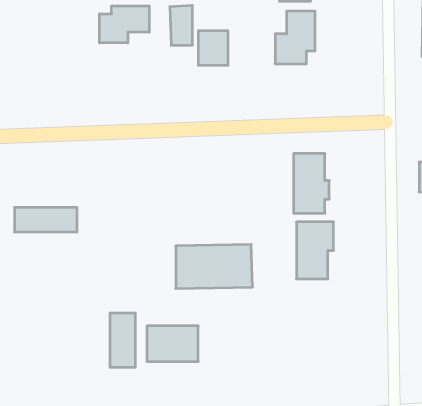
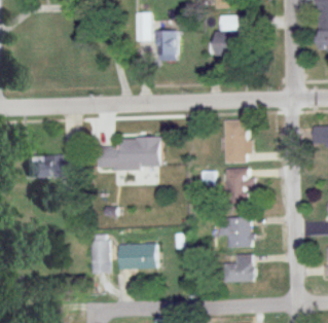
building: [100,6,149,43] -> none
building: [176,244,253,289] -> [105,138,160,170]
building: none -> [219,217,253,247]
building: none -> [222,255,253,281]

